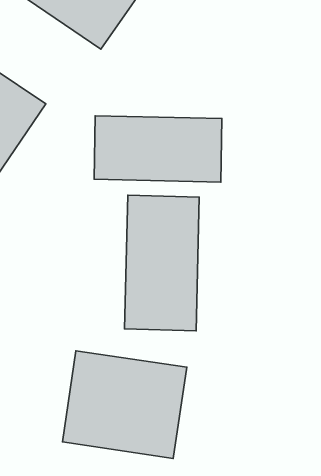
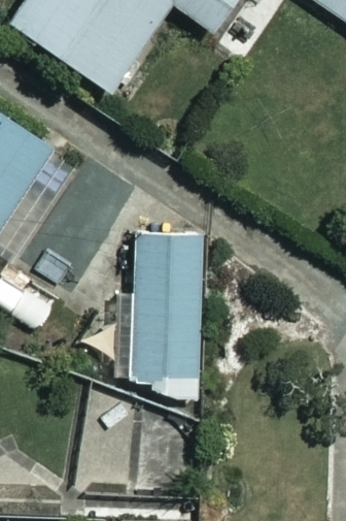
building: [94,116,222,182] -> none

